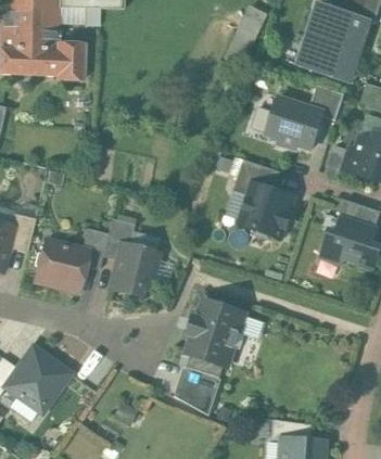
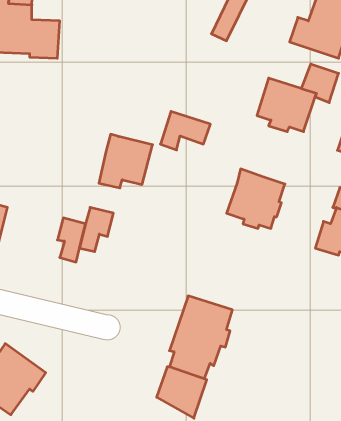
building: [233,160,280,195] -> [160,111,210,150]
building: [36,243,88,292] -> none
building: [110,243,160,293] -> [99,134,153,188]

